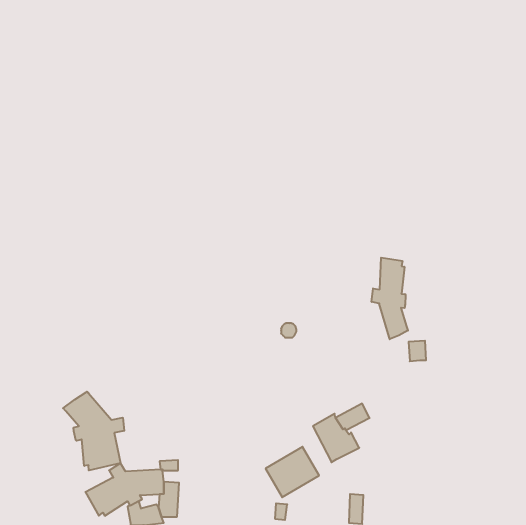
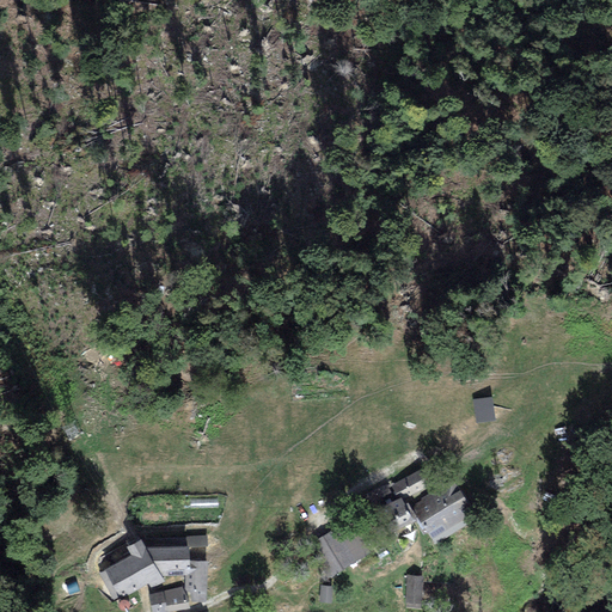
building: [372,258,408,339] -> none
building: [63,392,124,470] -> none
building: none -> [412,479,469,541]

